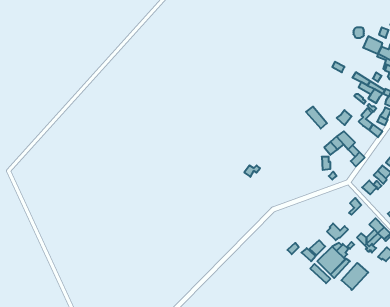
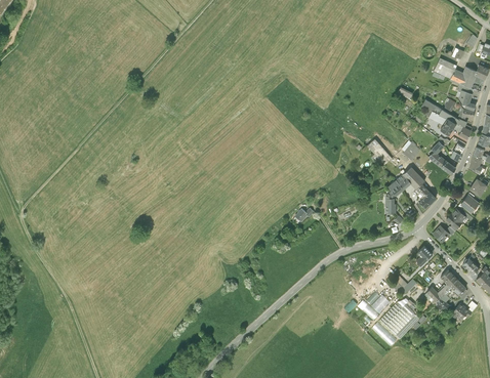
building: [341,263,368,290] -> none

